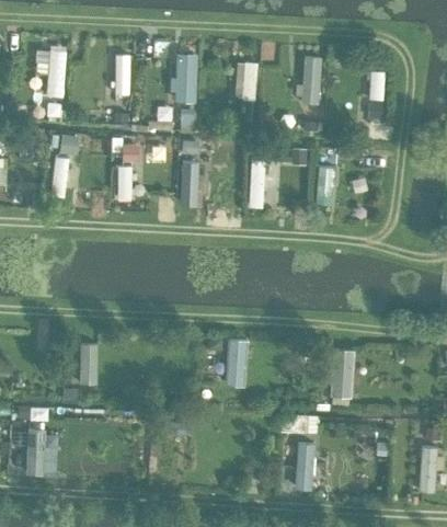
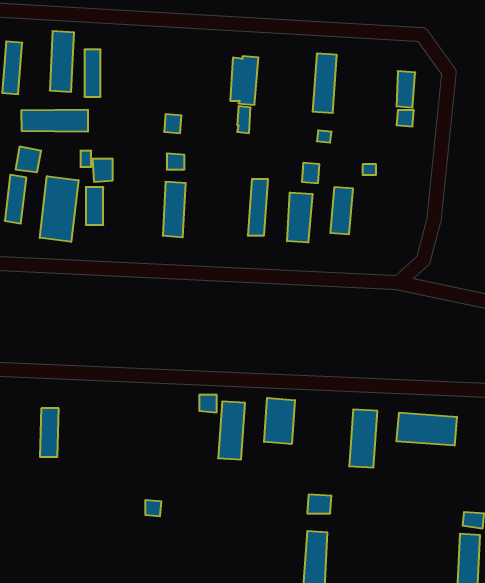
building: [175,50,195,100] -> [50,31,74,92]
building: none -> [22,110,88,132]
building: none -> [40,176,78,242]
building: none -> [287,192,313,243]
building: none -> [264,398,295,444]
building: none -> [397,413,457,446]

